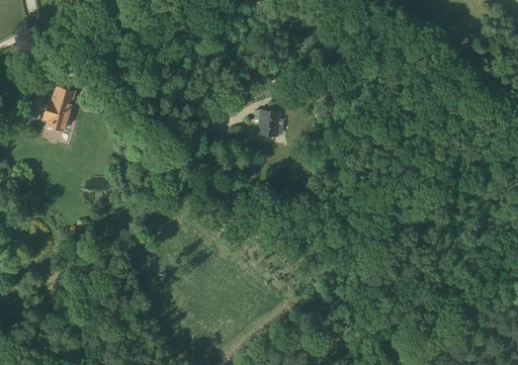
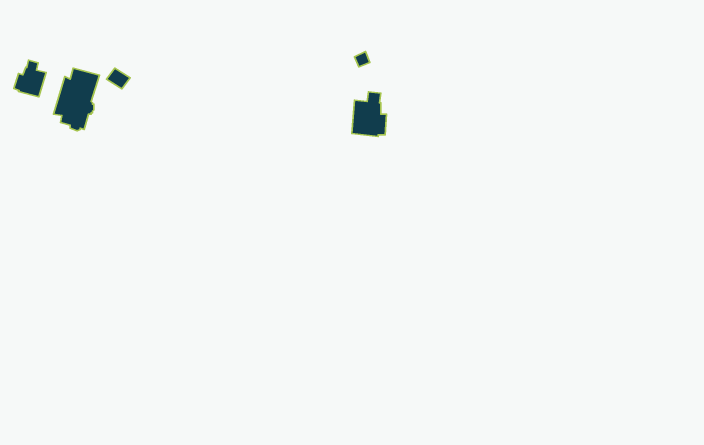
building: none -> [14,60,46,97]

